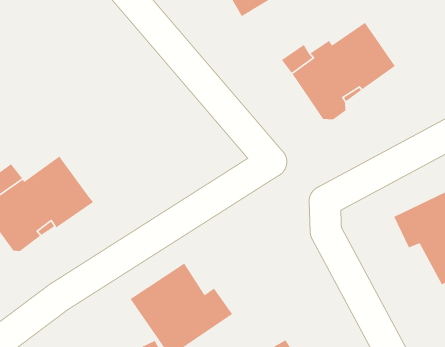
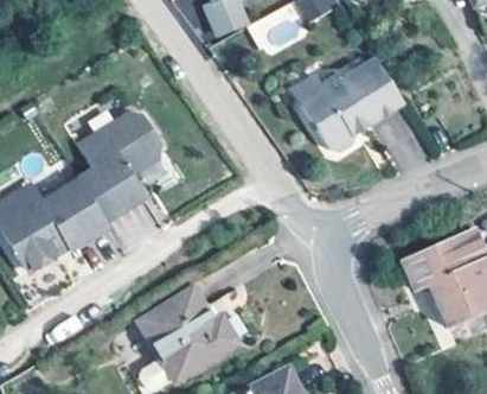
building: none -> [77,109,160,220]

